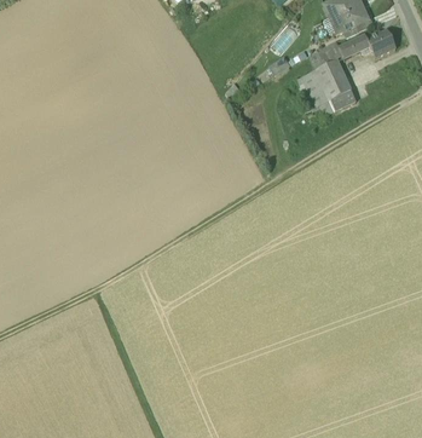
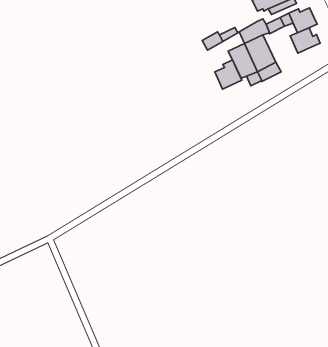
building: none -> [290,28,320,53]
building: none -> [215,60,242,89]

